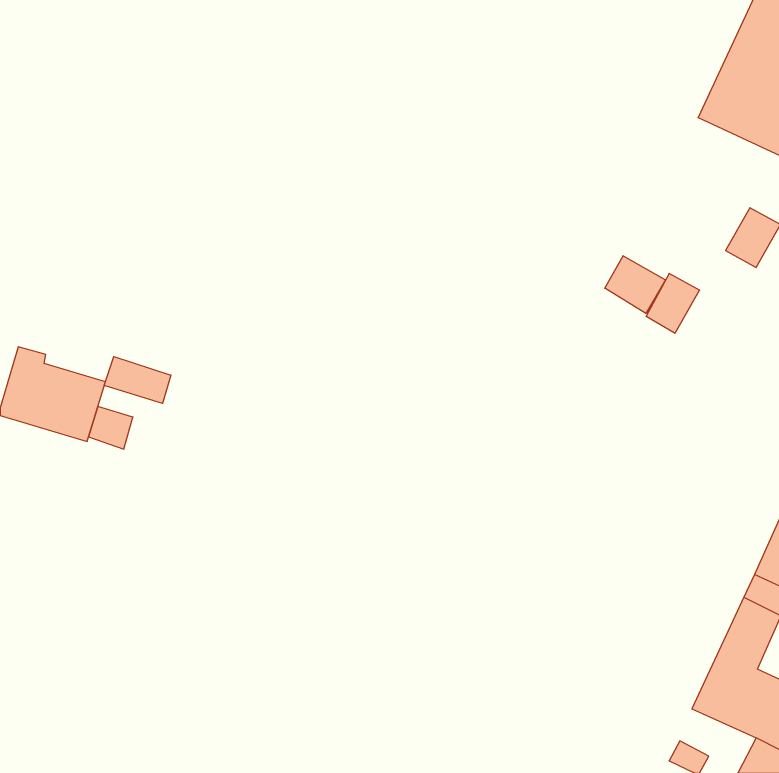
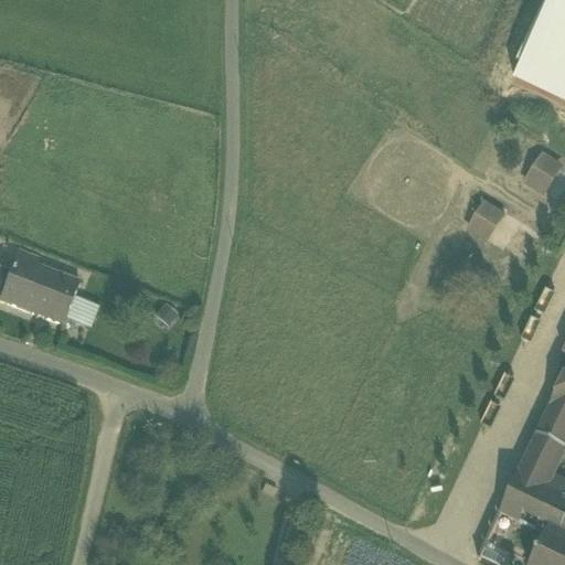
building: [605,256,666,313] -> none
building: [104,357,171,403] -> none

